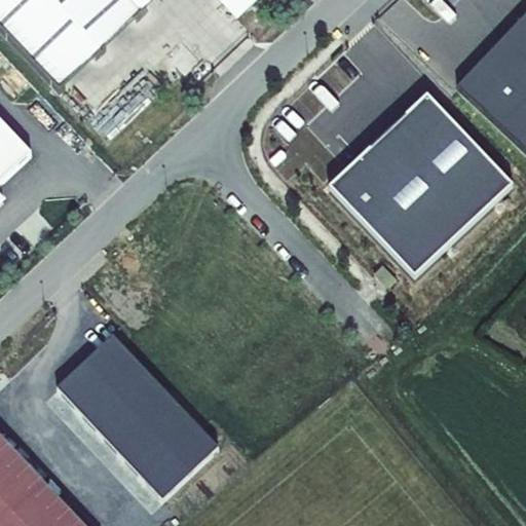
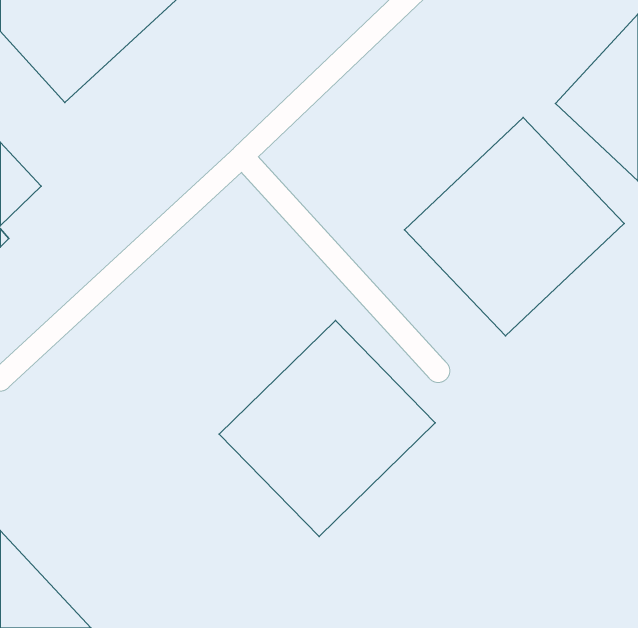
building: none -> [219,320,435,537]
building: [58,331,223,496] -> none

